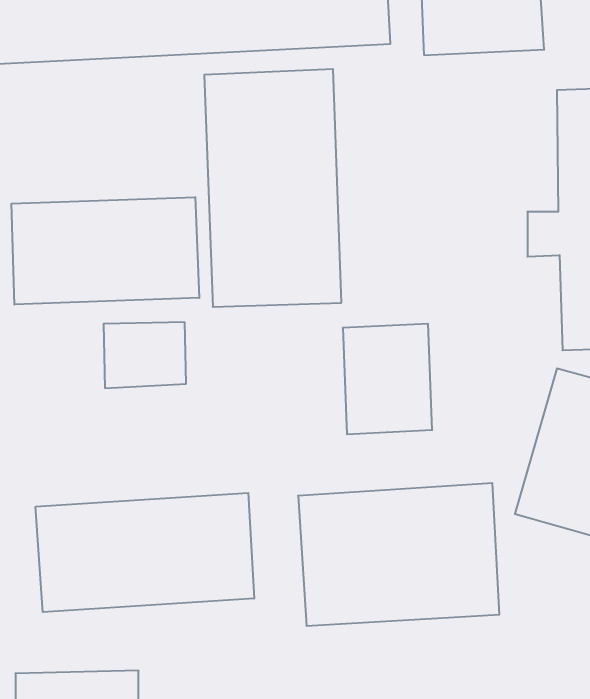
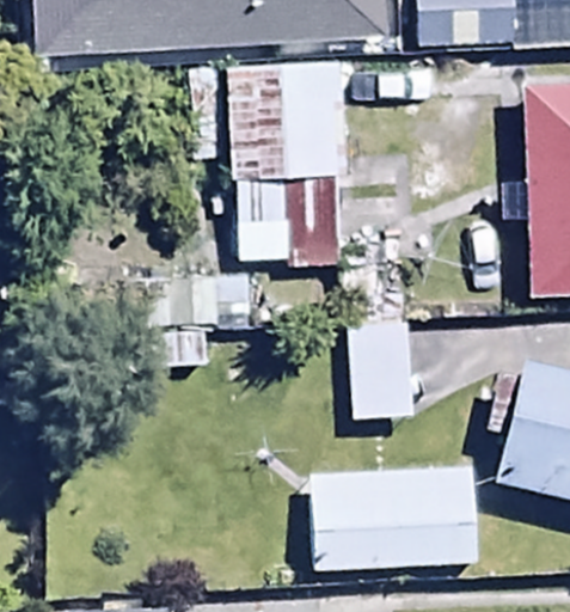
building: [12,197,199,305] -> none
building: [36,493,254,612] -> none

